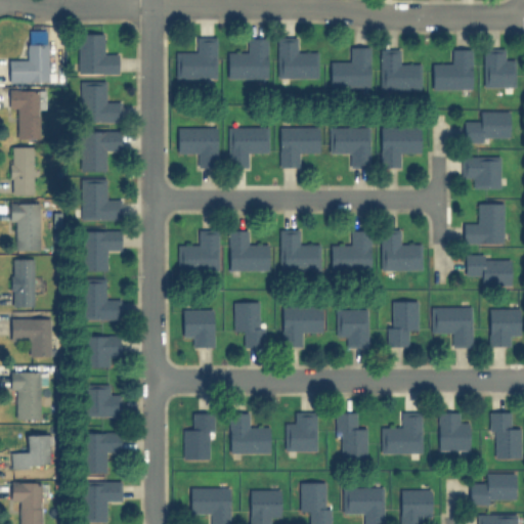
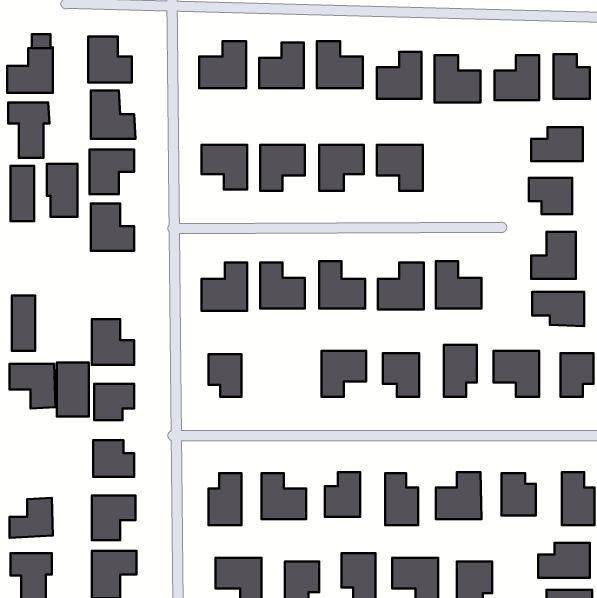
building: [382,129,422,169] -> none
building: [13,205,40,251] -> [47,164,78,217]
building: [84,232,122,271] -> none
building: [235,303,265,348] -> none
building: [14,373,42,420] -> [57,362,89,417]

